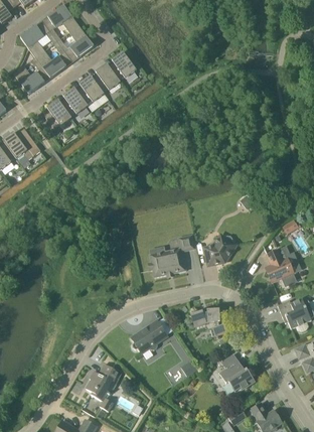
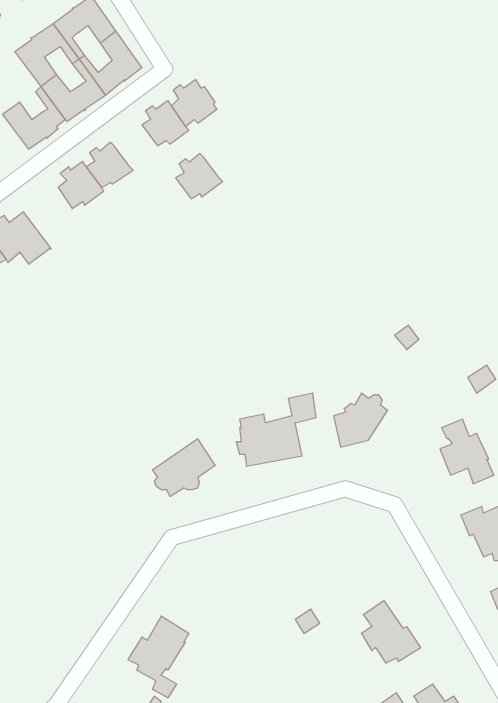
building: [77,77,105,103] -> [176,154,223,199]
building: [191,308,224,336] -> none
building: [131,319,167,352] -> [152,439,215,496]

